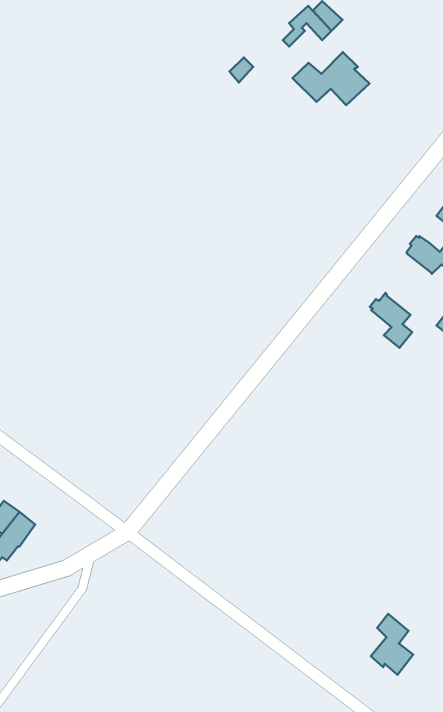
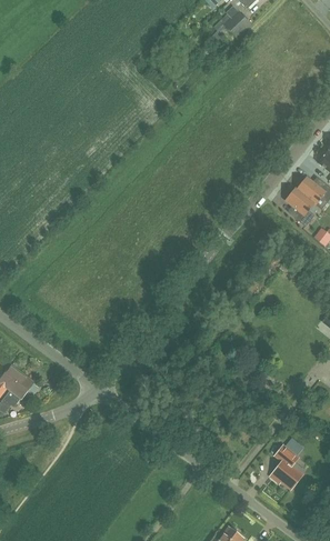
building: [292,52,370,105] -> none
building: [370,293,412,348] -> [286,187,316,226]

